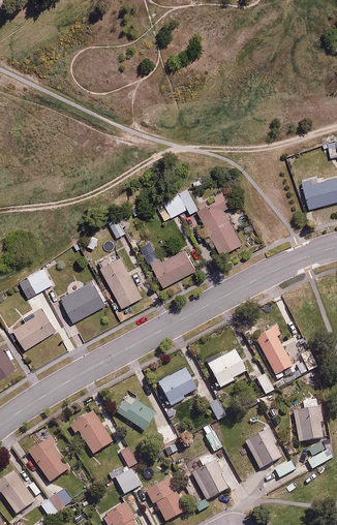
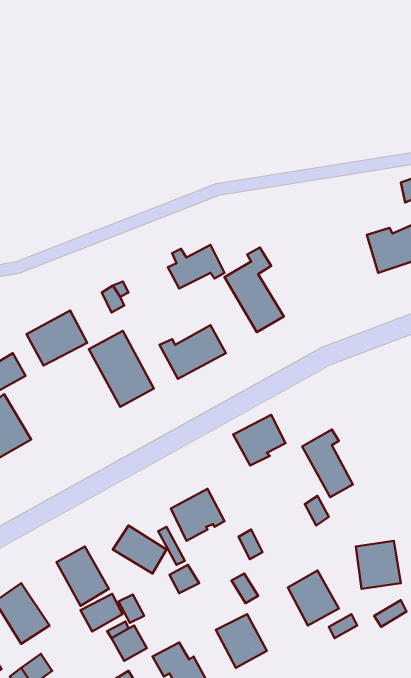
building: [61,282,105,322] -> [26,310,87,365]
building: [208,349,246,387] -> [233,415,285,466]
building: none -> [80,594,122,631]

